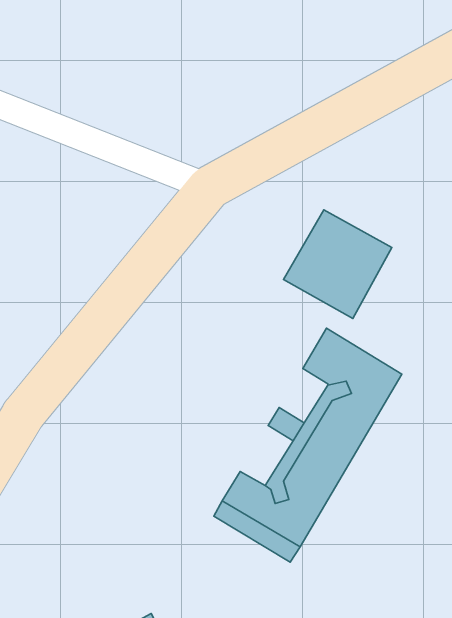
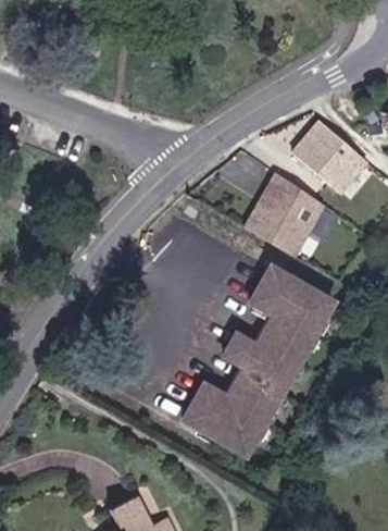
building: none -> [287,118,368,196]

